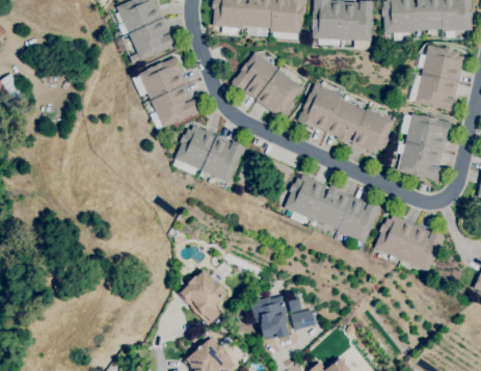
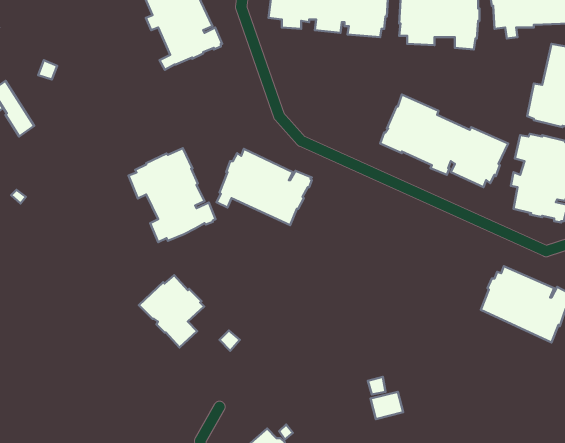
building: [231,52,302,115] -> none
building: [133,57,199,129] -> [128,148,216,242]
building: [284,175,381,243] -> none
building: [177,270,226,325] -> [139,275,204,348]
building: [249,295,289,339] -> none

